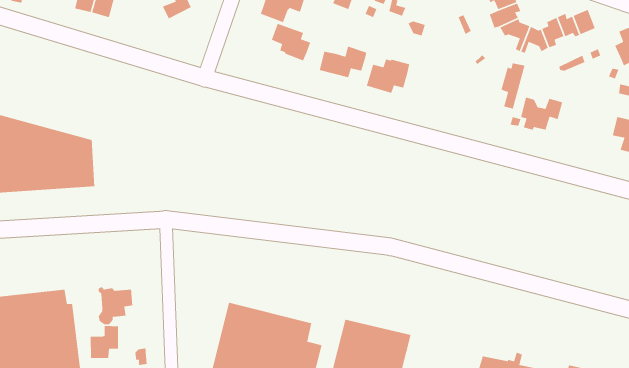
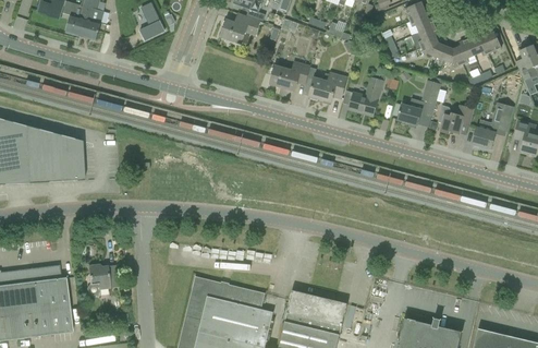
building: [271,23,311,61] -> none
building: none -> [349,77,383,117]
building: none -> [398,98,427,125]
building: none -> [472,103,513,148]
building: [90,325,119,359] -> none

